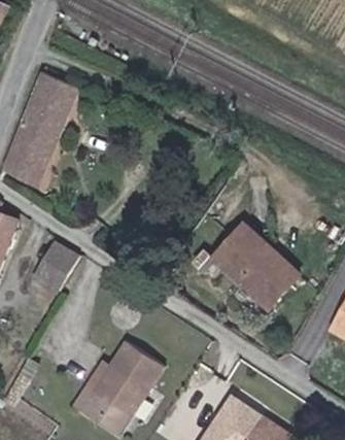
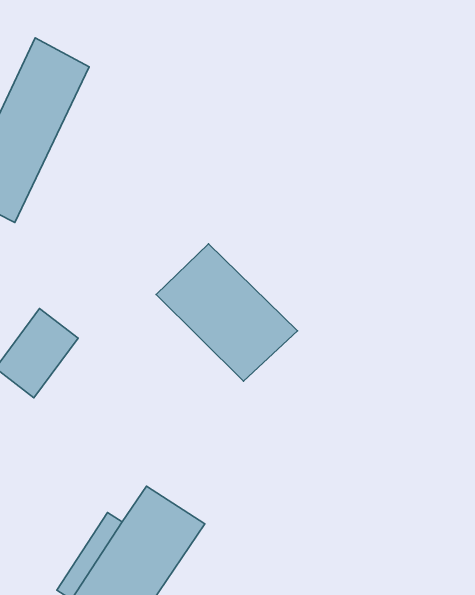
building: [209,229,297,311] -> [156,244,297,381]

